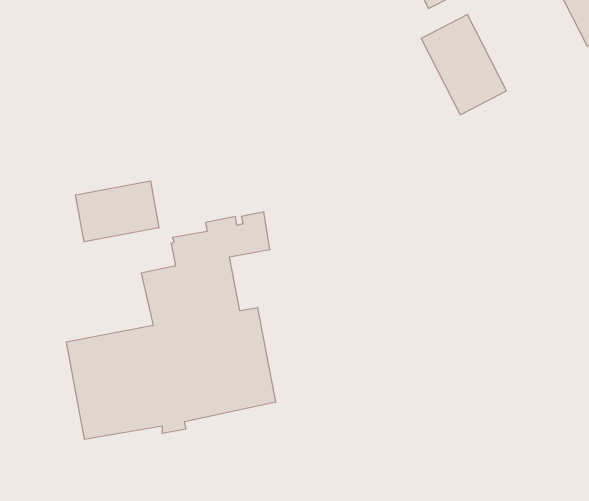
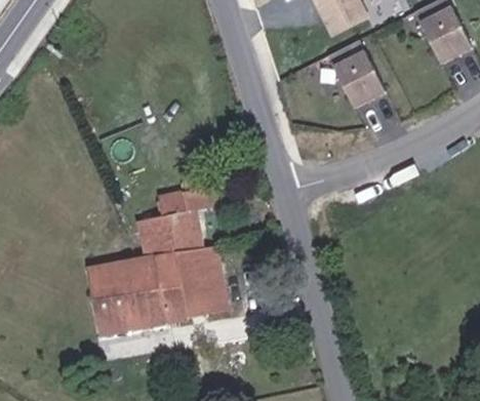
building: [76,181,159,242] -> none

